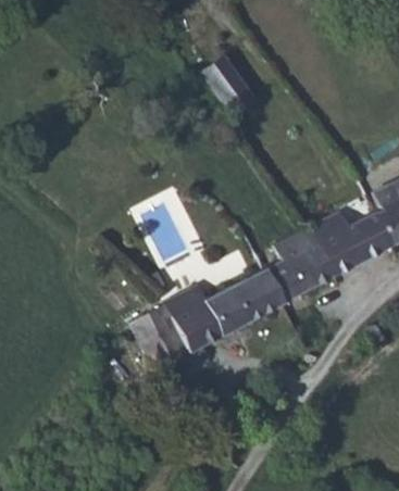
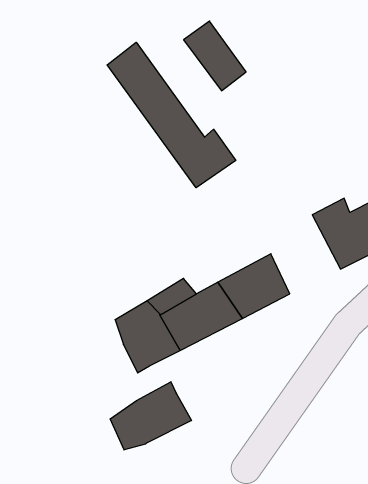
building: none -> [107,42,236,188]
building: [276,225,340,298] -> none
building: none -> [110,382,191,450]

